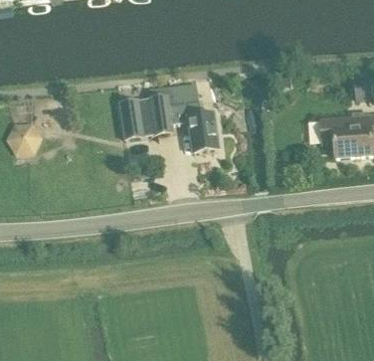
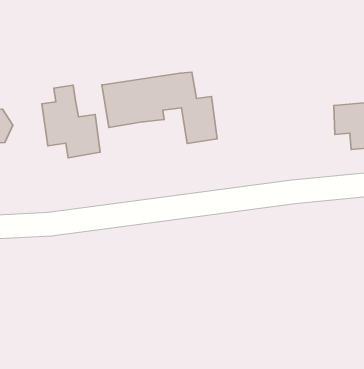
building: none -> [42,85,100,158]

